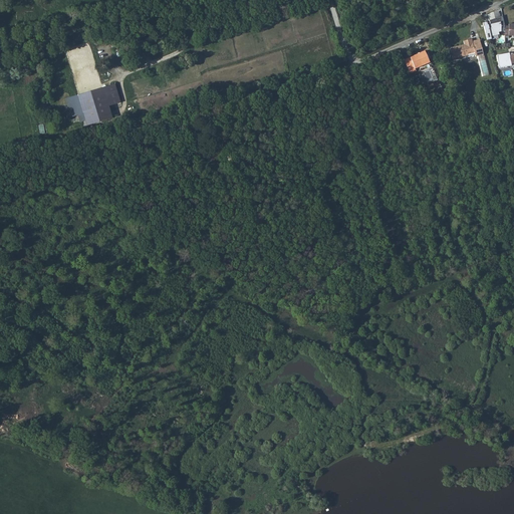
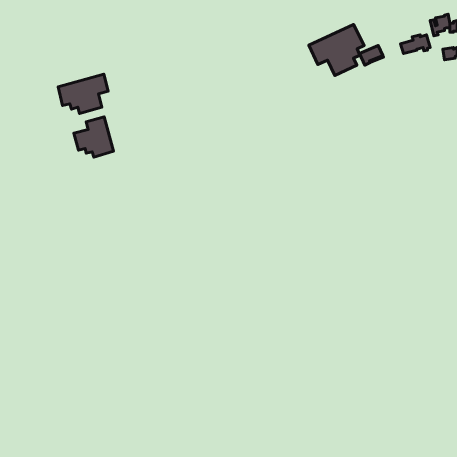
building: none -> [309,24,364,75]
building: none -> [74,117,113,157]

